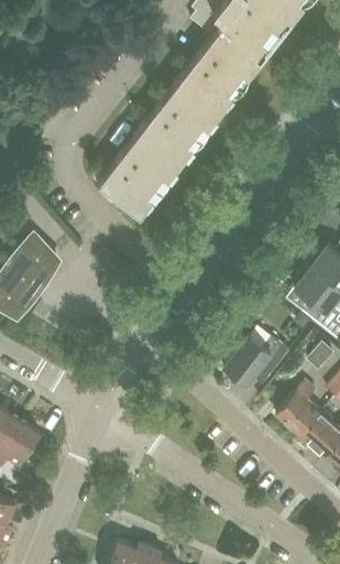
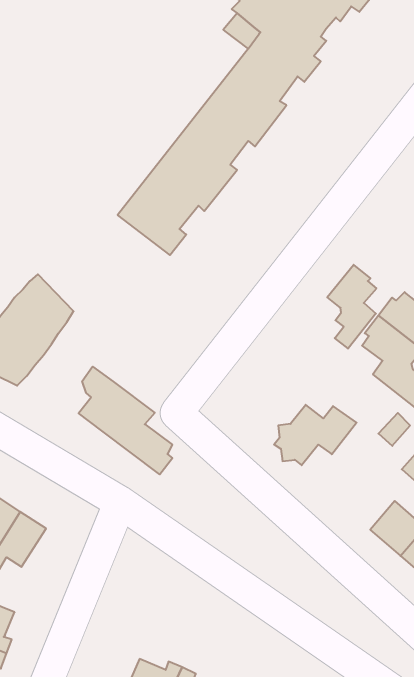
building: none -> [327,265,376,349]
building: none -> [79,367,172,474]
building: [276,379,321,435] -> none

